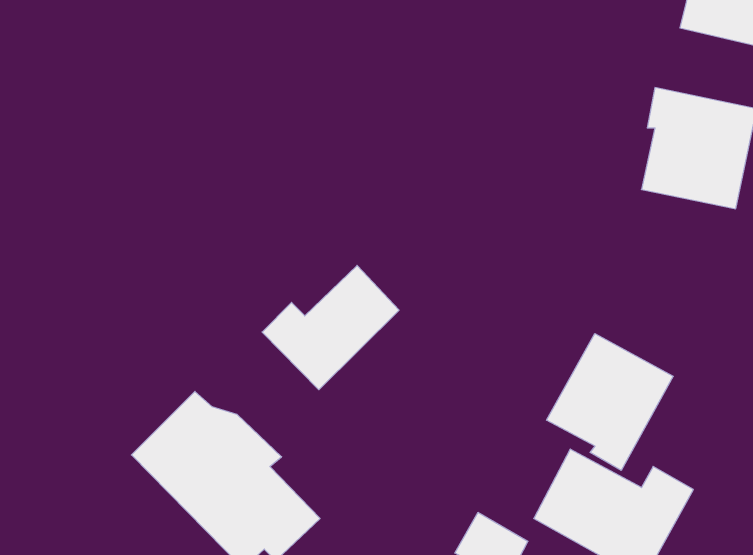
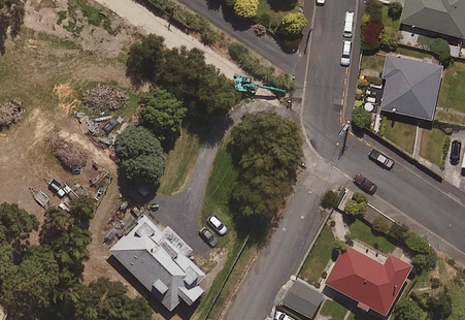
building: [262,265,399,390] -> none
building: [547,334,673,470] -> none

